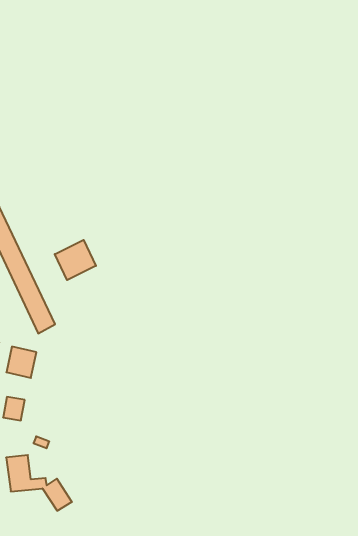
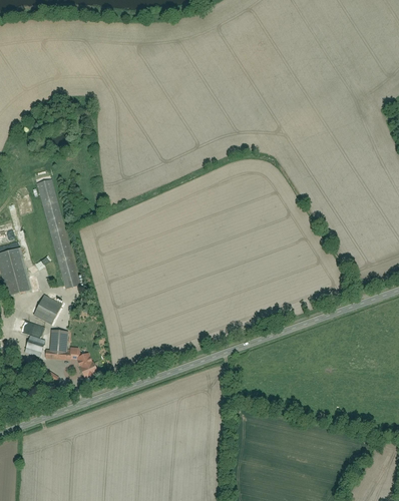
building: [55,240,96,280] -> none
building: [6,455,72,511] -> [50,328,98,378]

